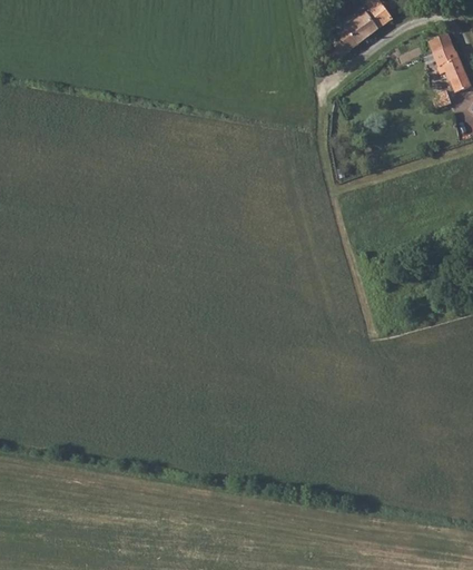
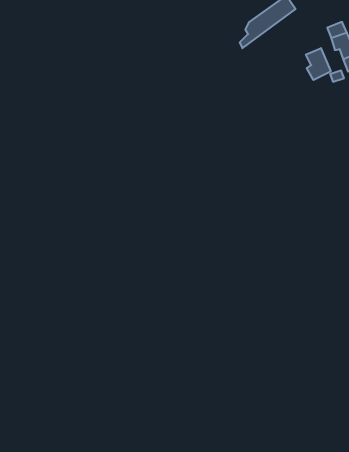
building: none -> [306,48,331,80]

